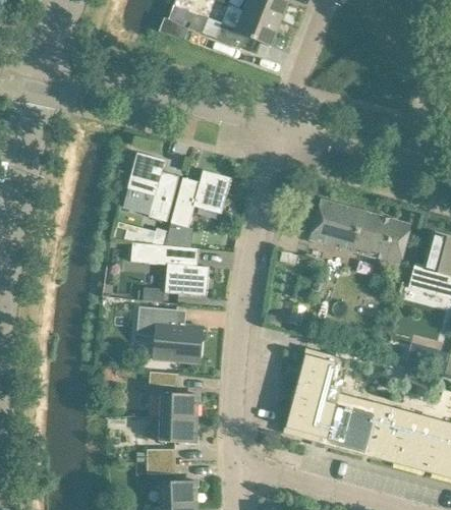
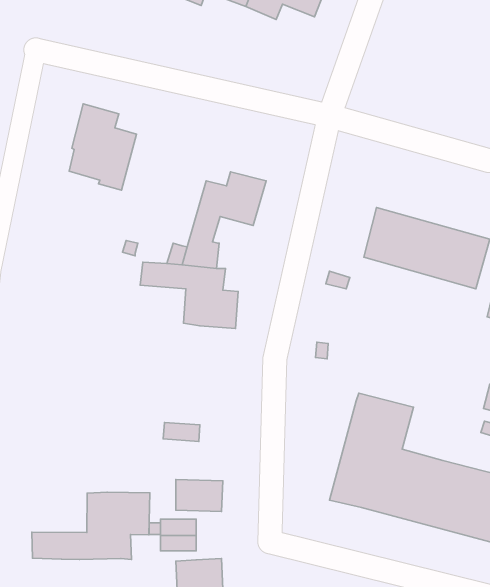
building: [125,153,179,222] -> [69,104,137,190]
building: [136,306,203,363] -> none
building: [159,393,198,418] -> none
building: none -> [32,492,150,559]

